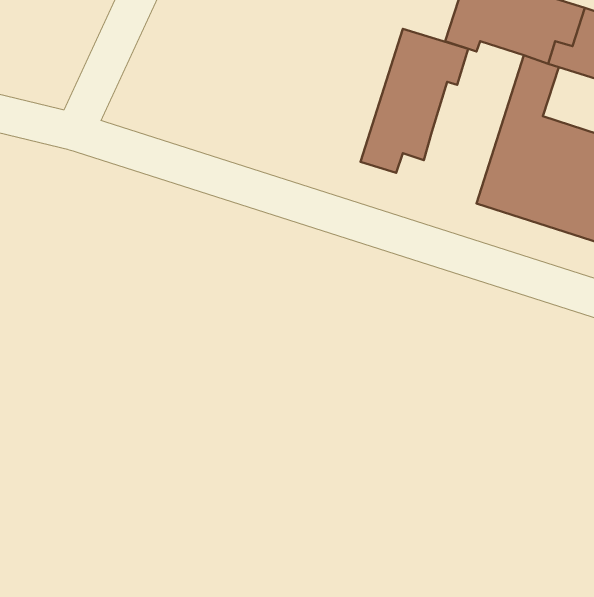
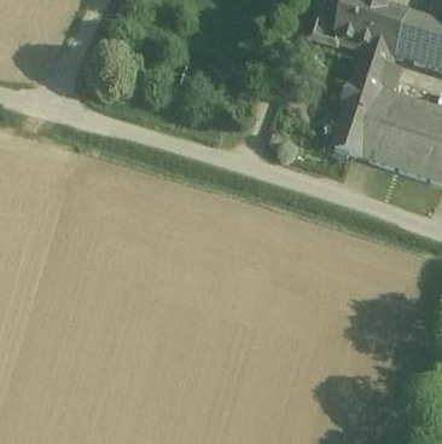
building: [361,29,468,173] -> none

